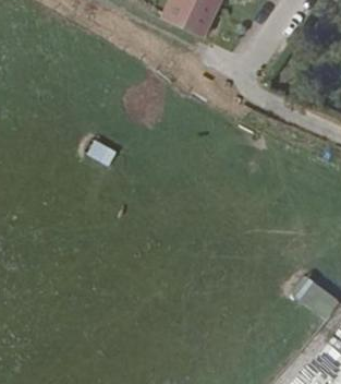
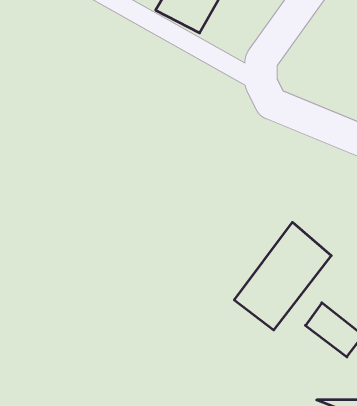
building: none -> [234,222,331,330]

